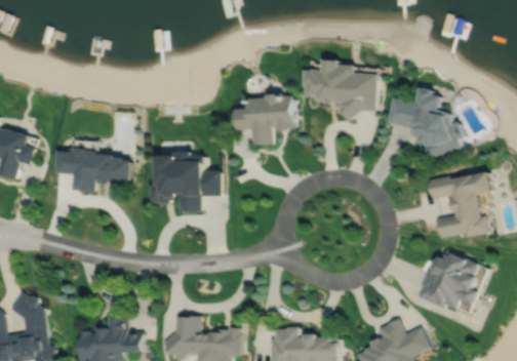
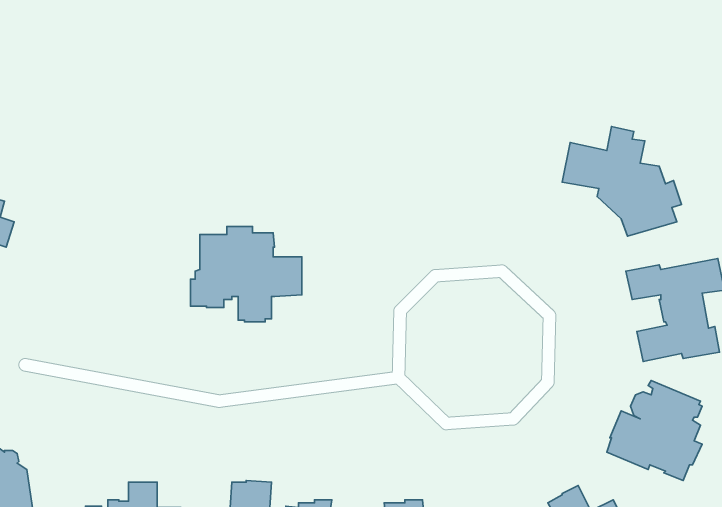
building: [303,58,379,119] -> none
building: [233,93,294,145] -> none
building: [54,148,128,192] -> none

